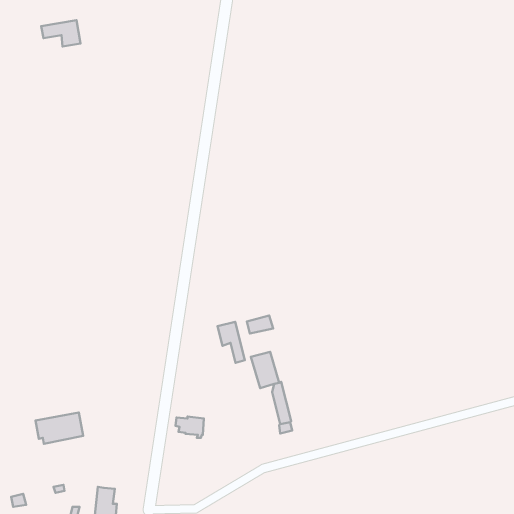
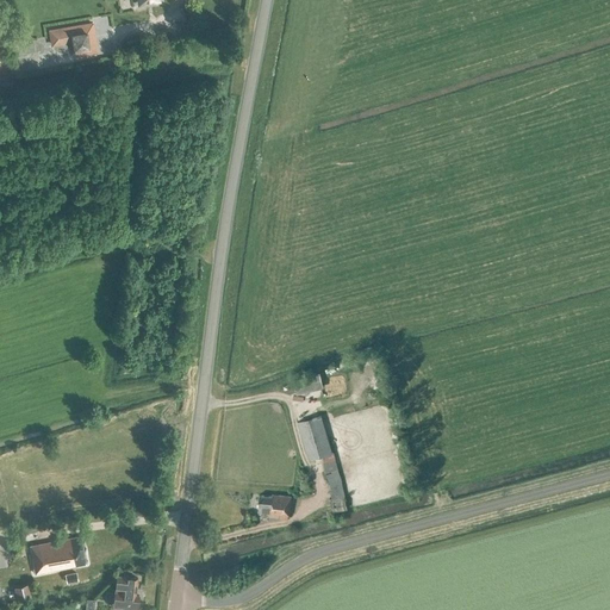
building: [217,322,245,363] -> none
building: [36,413,83,444] -> [29,537,85,574]
building: [176,417,204,438] -> [256,496,290,521]

